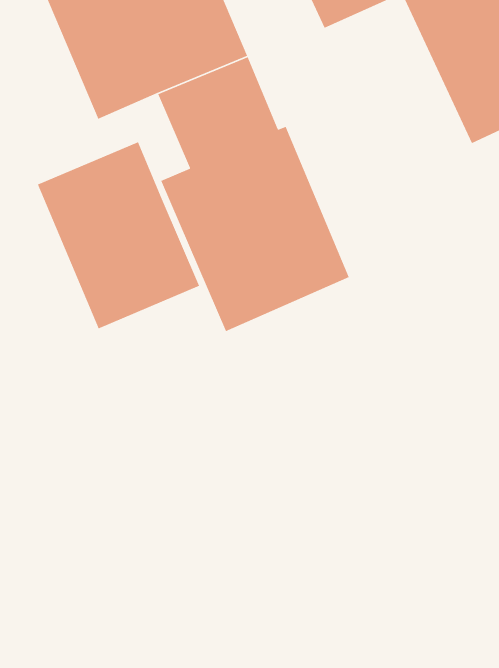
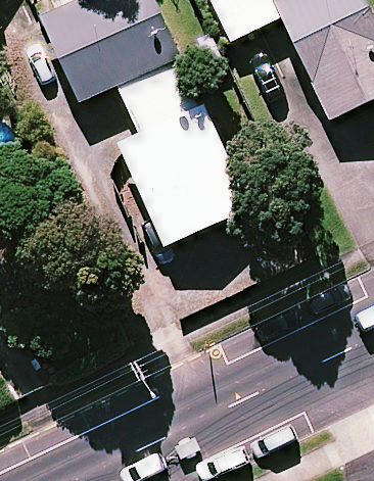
building: [37,141,200,329] -> none

